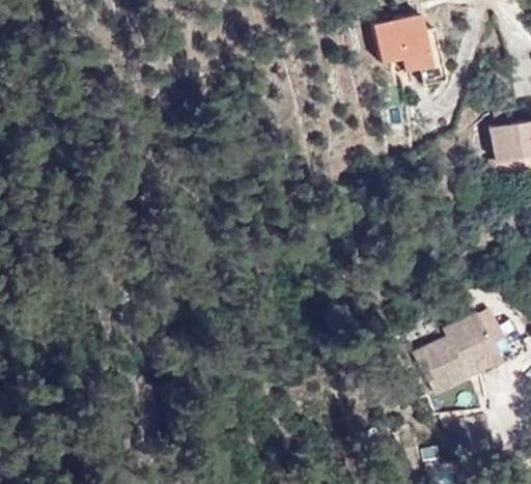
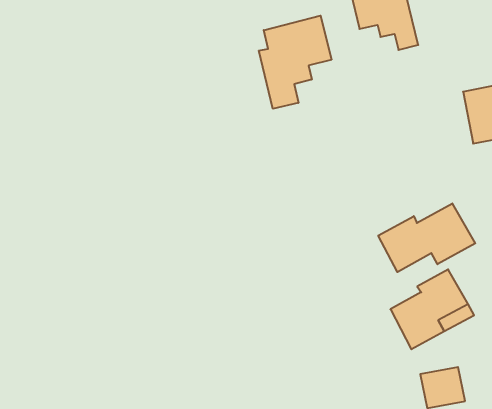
building: none -> [259,16,331,109]
building: none -> [378,203,475,272]

